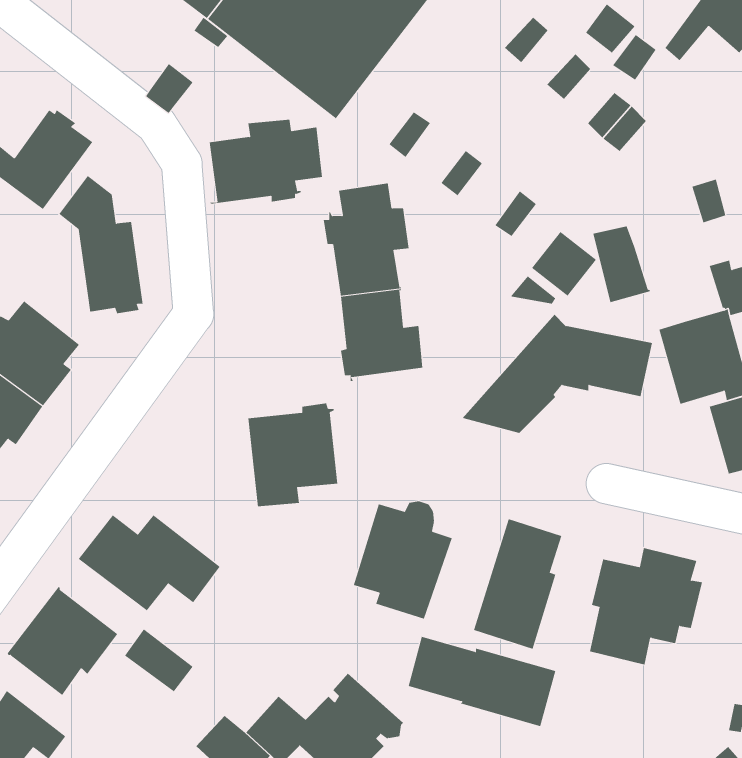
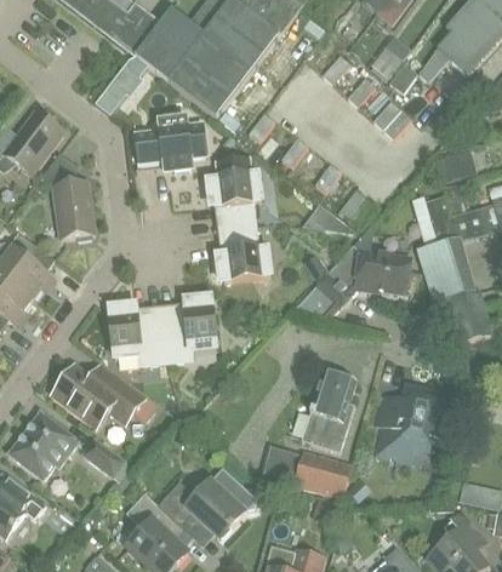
building: [593,226,650,303] -> [423,198,460,246]
building: none -> [108,307,166,365]
building: [353,500,453,619] -> none

